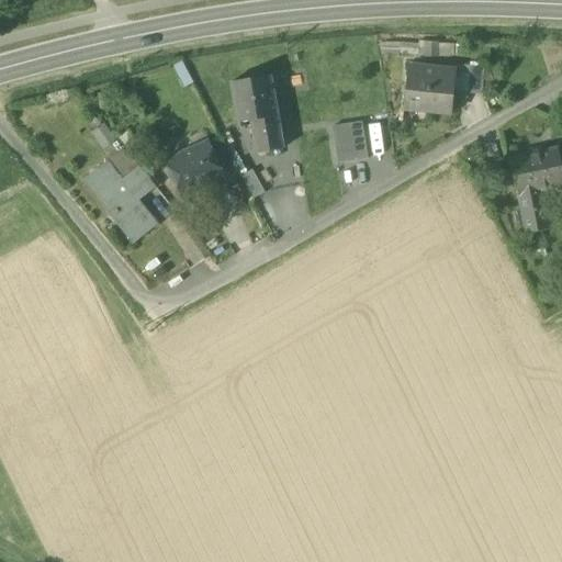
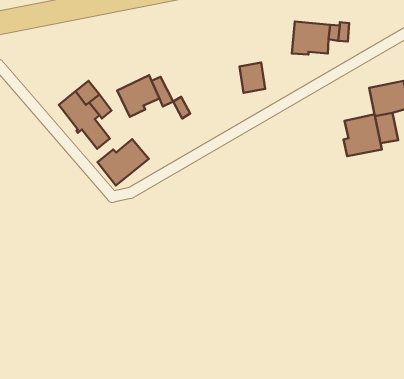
building: [231,74,283,151] -> none
building: none -> [344,114,382,156]
building: none -> [97,139,149,186]

